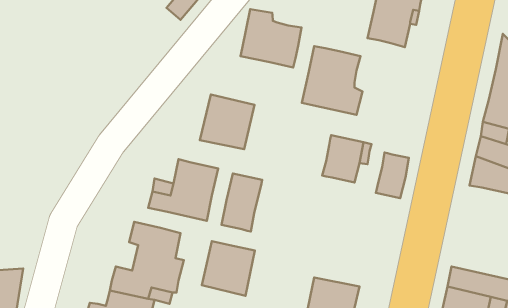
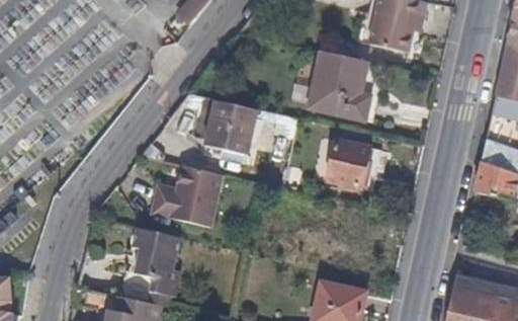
building: [241,9,302,68] -> none
building: [376,153,409,198] -> none
building: [222,173,262,231] -> none
building: [202,241,255,296] -> none

